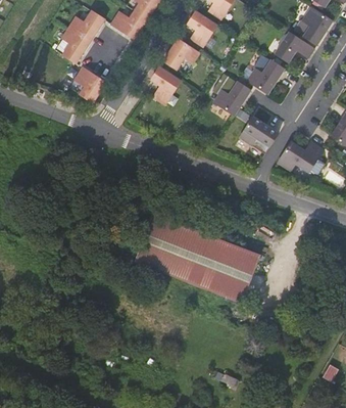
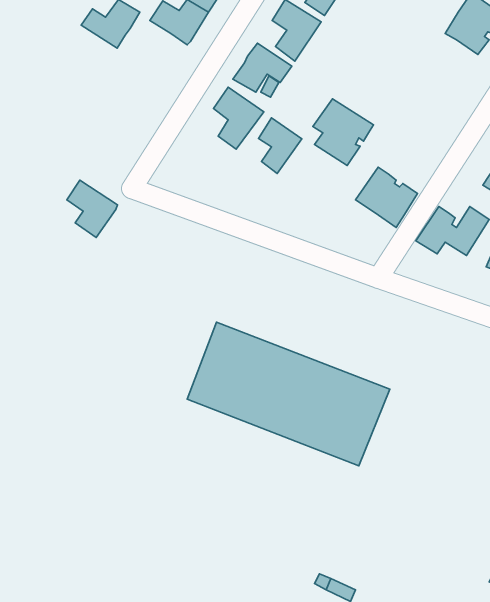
building: [62,27,91,63] -> none
building: [276,31,315,61] -> none
building: [248,56,285,93] -> none
building: [75,66,106,102] -> [67,180,117,237]
building: none -> [258,118,302,173]

